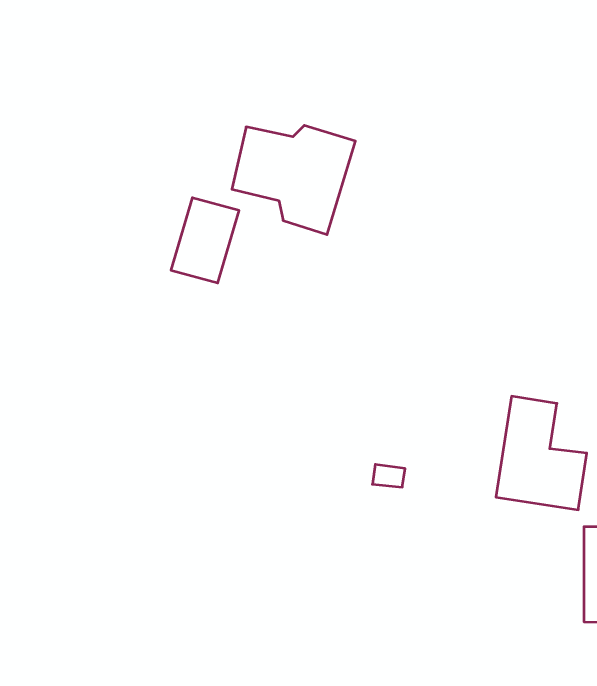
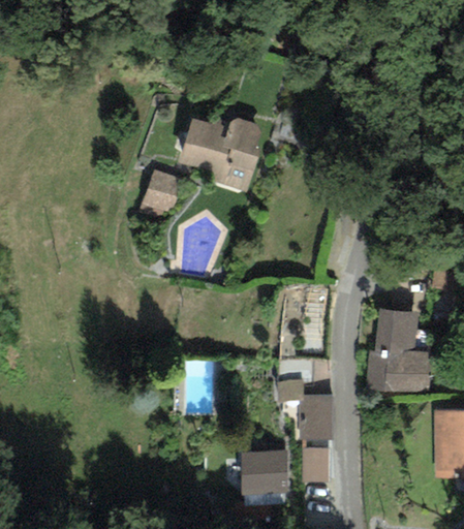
building: none -> [297,395,333,439]
building: none -> [301,448,327,483]
building: none -> [235,452,288,507]

